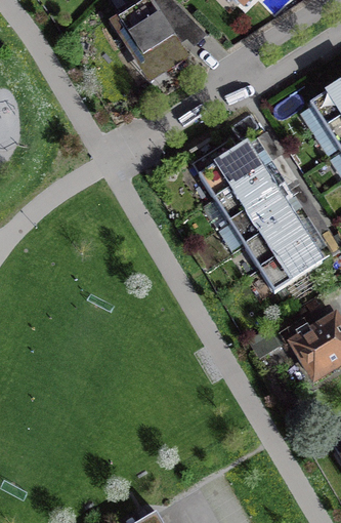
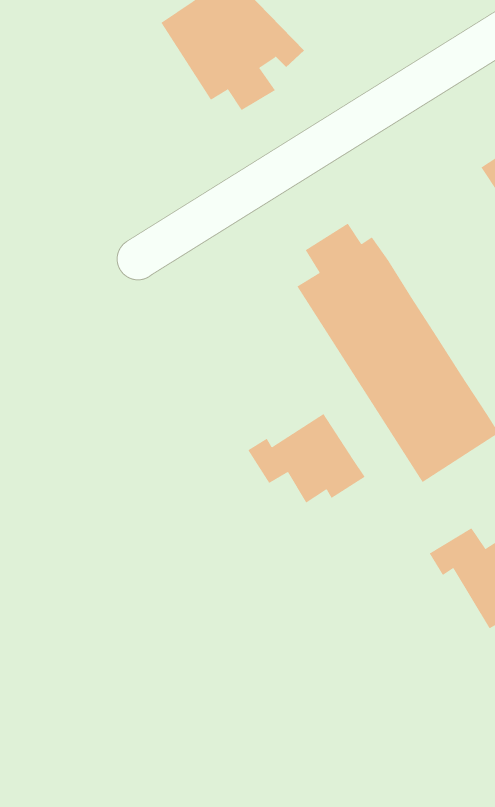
building: none -> [247,413,366,504]

